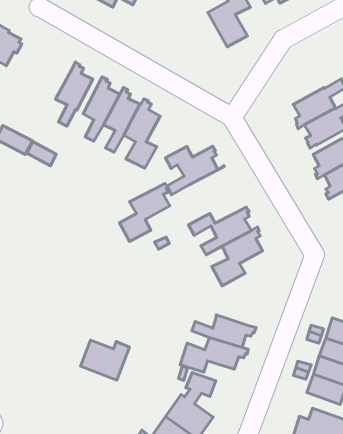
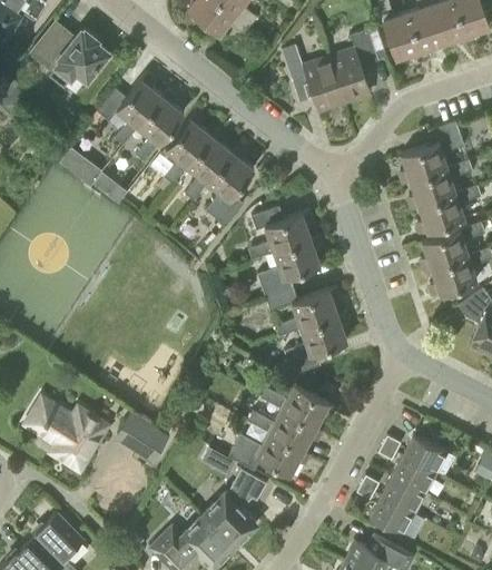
building: none -> [281,46,344,111]
building: none -> [398,121,463,184]
building: none -> [98,73,163,145]
building: [120,183,170,242] -> [257,238,319,298]
building: none -> [260,383,335,426]
building: none -> [35,404,107,471]

